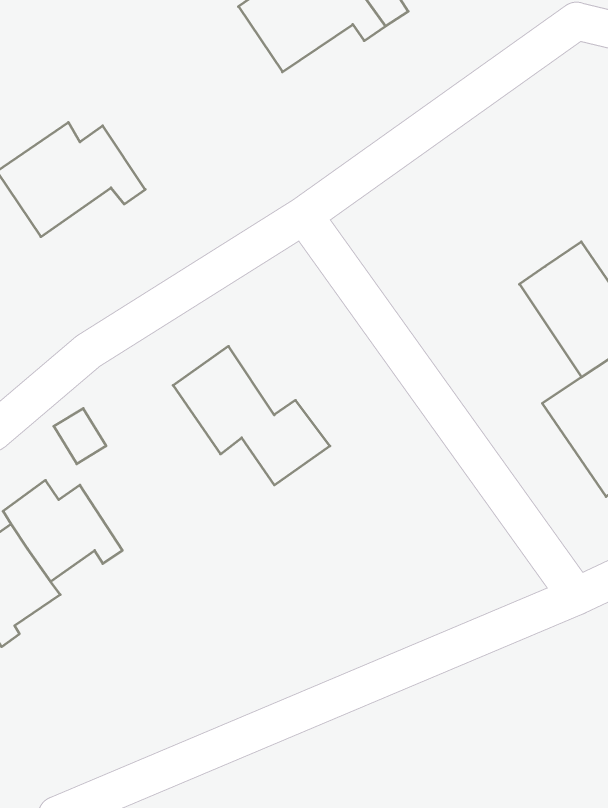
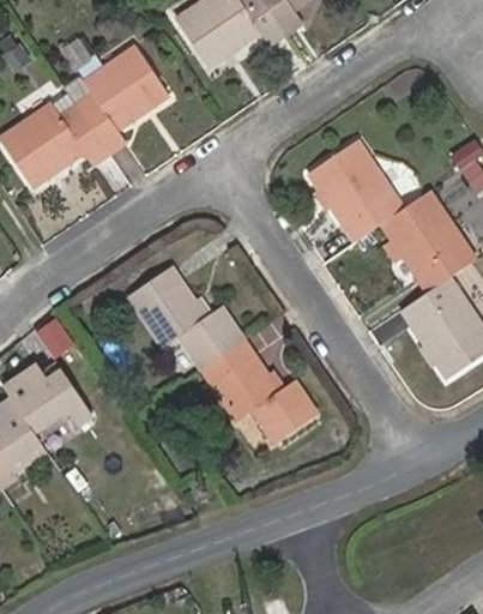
building: none -> [77,46,168,152]
building: none -> [308,140,402,241]
building: none -> [203,341,315,441]

